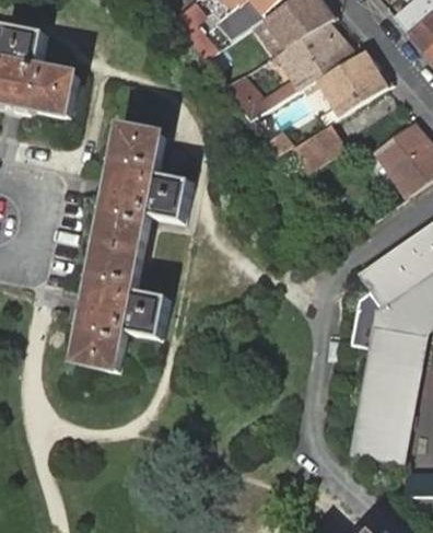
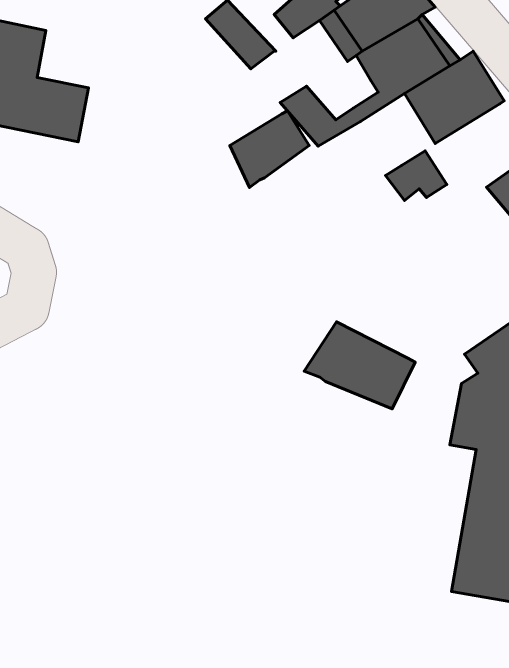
building: none -> [230,111,309,187]
building: [78,127,191,370] -> none
building: none -> [304,322,415,409]

